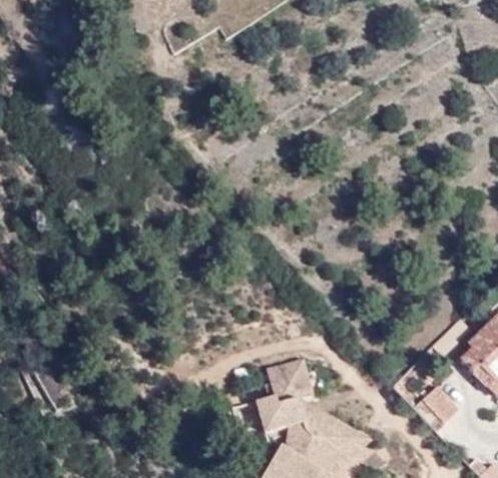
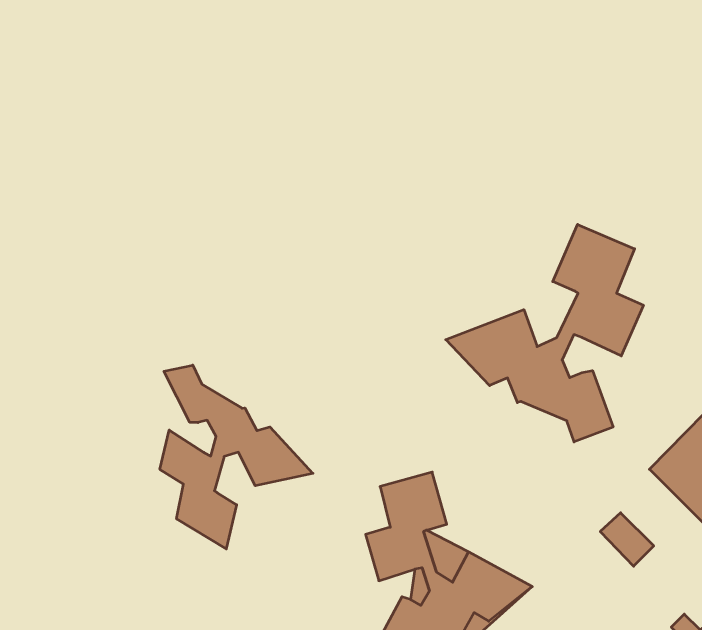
building: none -> [446,224,643,442]
building: none -> [160,365,313,549]

